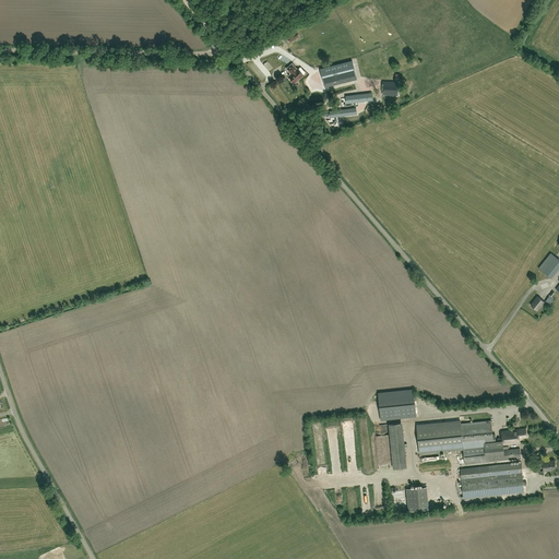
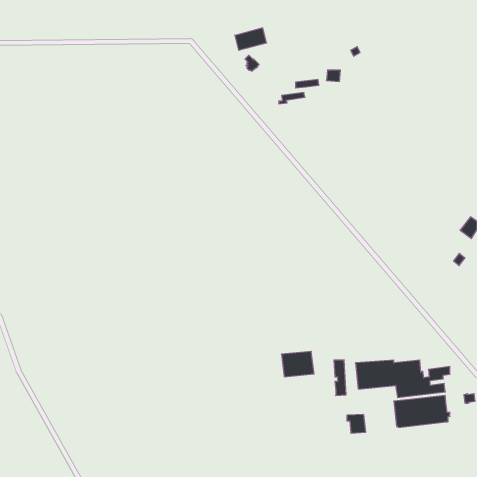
building: [319,61,356,87] -> [235,28,267,50]
building: [377,391,415,420] -> [281,351,314,377]

